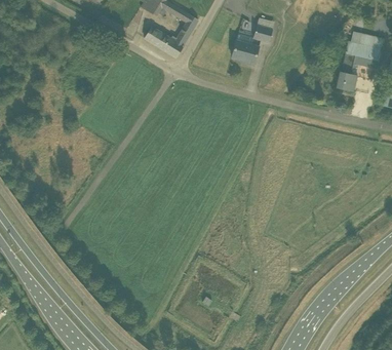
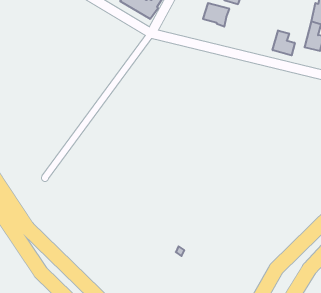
building: none -> [273,30,295,55]

